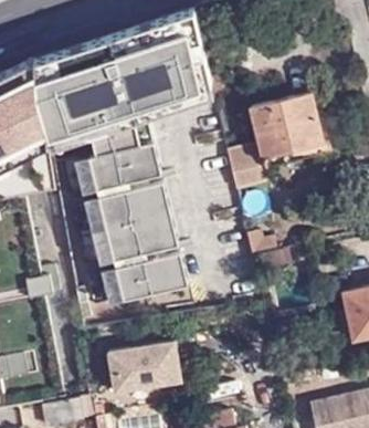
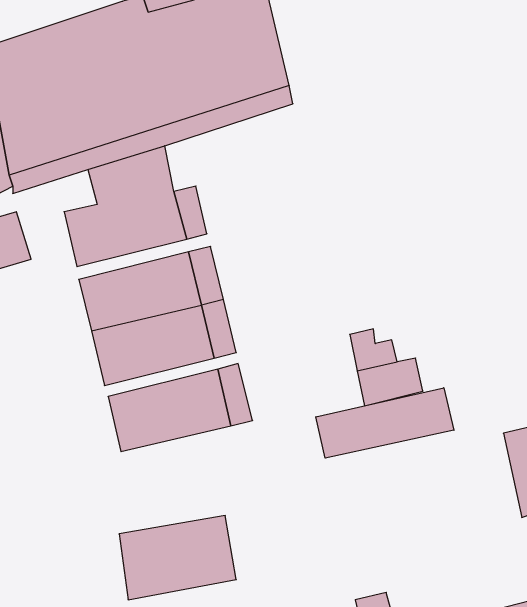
building: [226,93,323,190] -> none
building: none -> [316,388,454,458]

